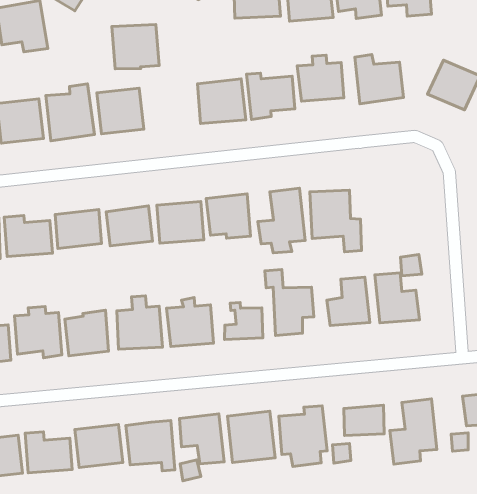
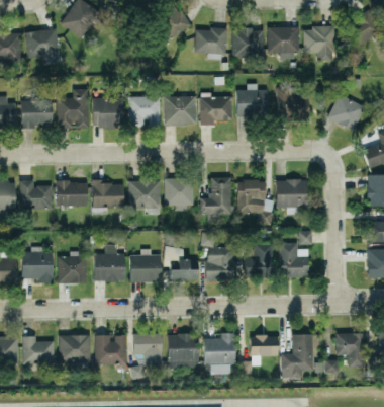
building: [112,24,159,69] -> [128,96,160,128]
building: none -> [275,179,306,208]

